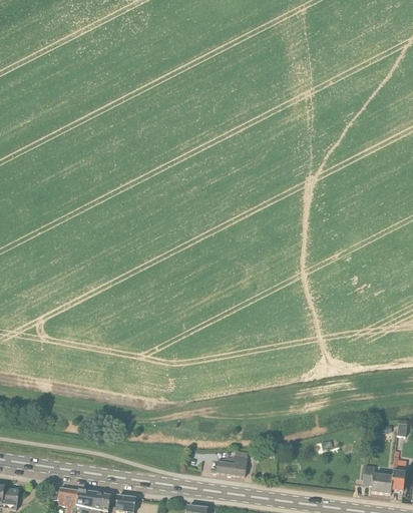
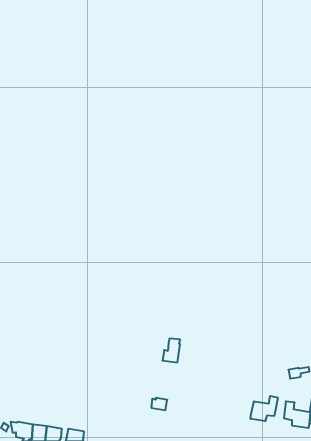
building: [228,449,248,476] -> [162,339,180,362]
building: none -> [251,396,278,421]

